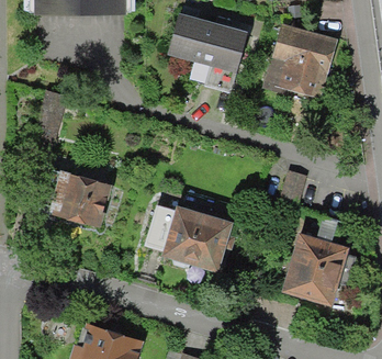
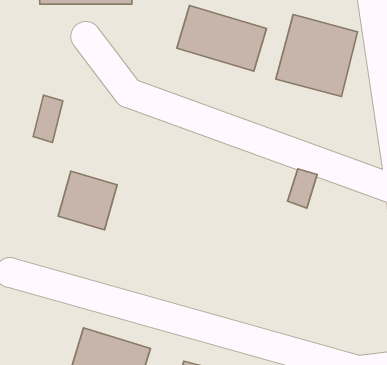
building: [142,202,229,270] -> none
building: [285,232,356,305] -> none

